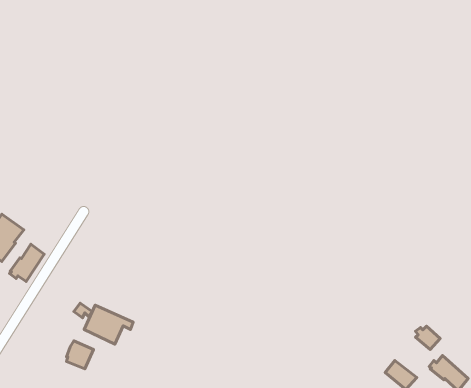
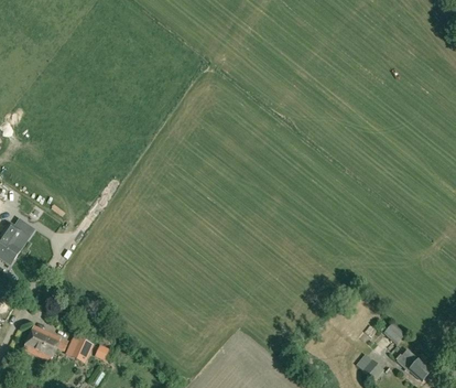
building: [10,244,44,282] -> none
building: [84,305,133,344] -> [23,326,67,362]

